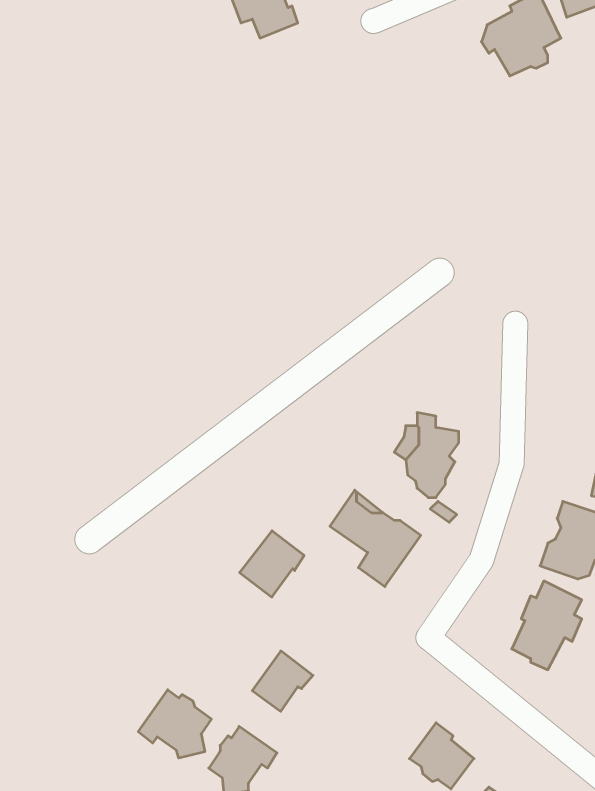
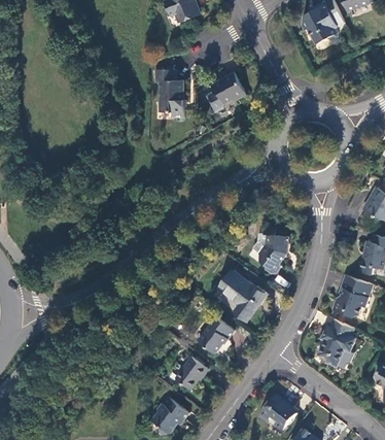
building: none -> [154,65,183,117]
building: none -> [207,72,246,111]
building: [240,531,304,597] -> [198,317,233,353]
building: [138,690,211,758] -> none

